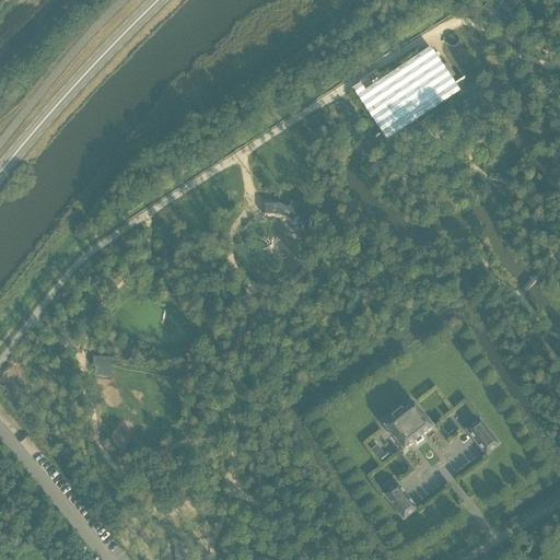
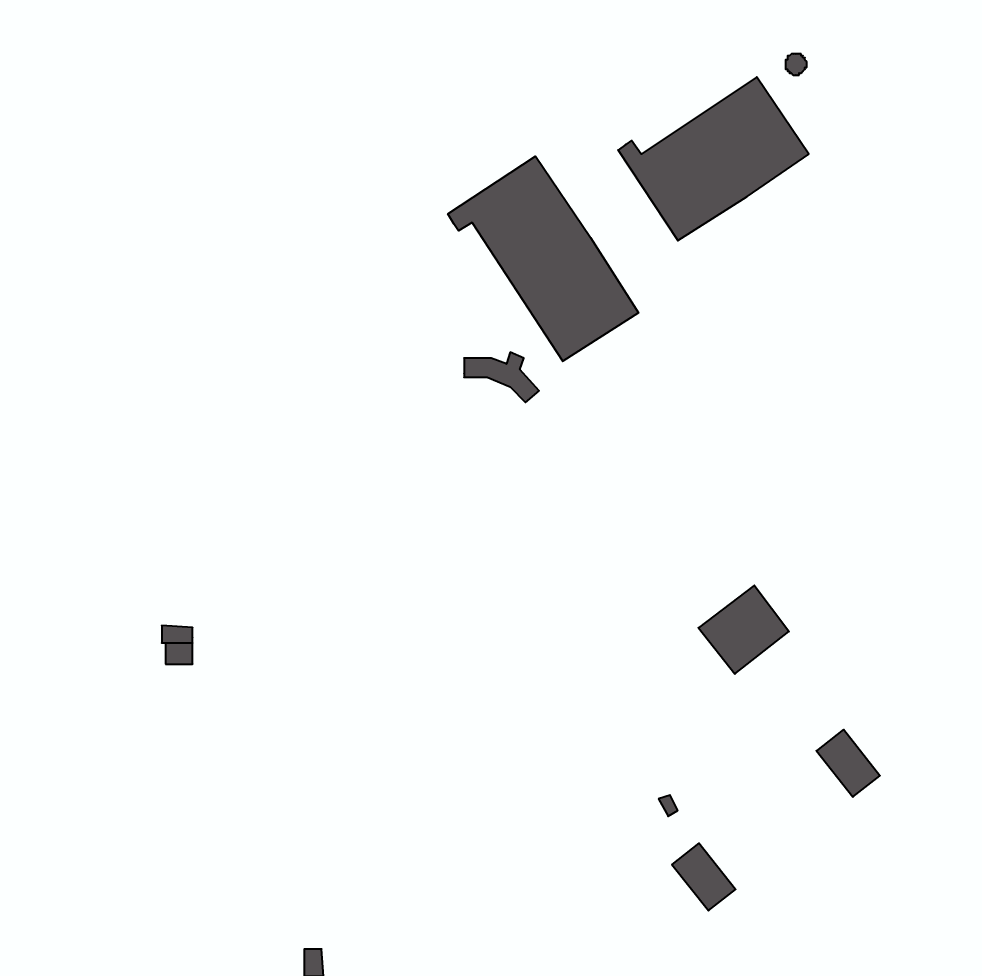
building: none -> [448,156,638,361]
building: [382,398,433,448] -> [698,585,789,674]

